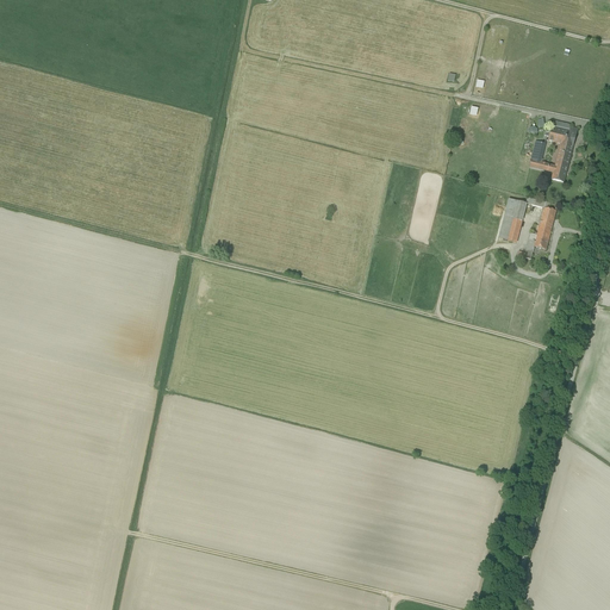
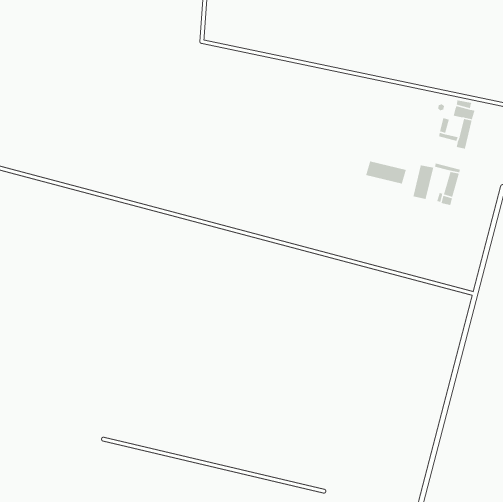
building: none -> [365,160,407,185]

